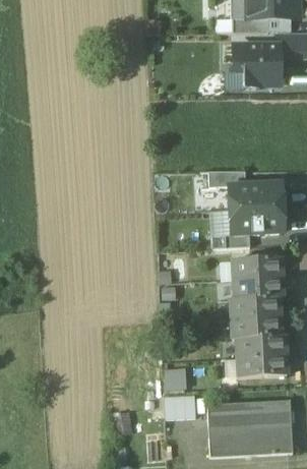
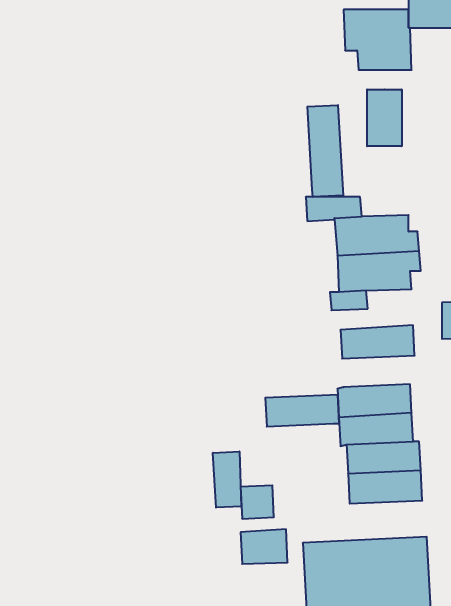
building: none -> [367,89,402,146]
building: none -> [307,105,343,197]
building: [233,278,283,299] -> [265,395,339,427]
building: none -> [213,451,241,508]

